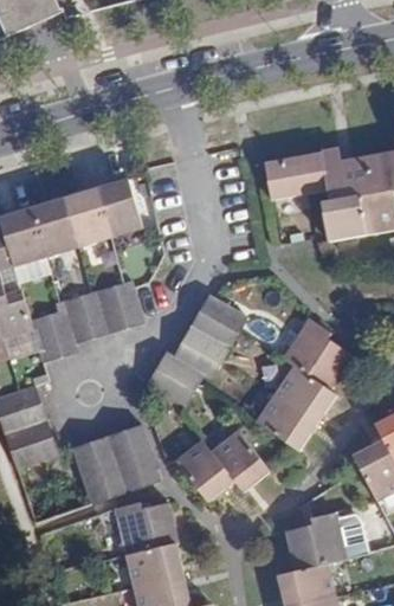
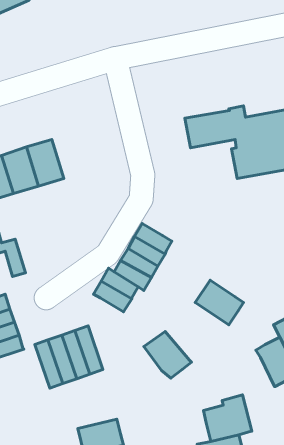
building: [93,178,142,237] -> none
building: [47,279,143,356] -> none
building: [283,324,349,387] -> none
building: [257,394,318,450] -> none
building: [176,440,233,501] -> none
building: [117,502,176,554] -> none

